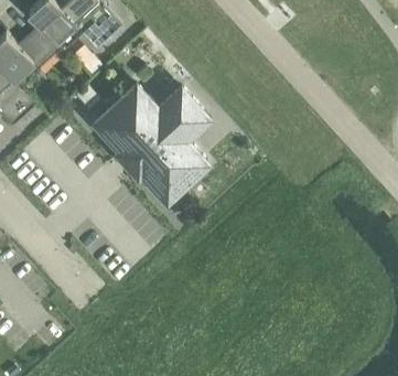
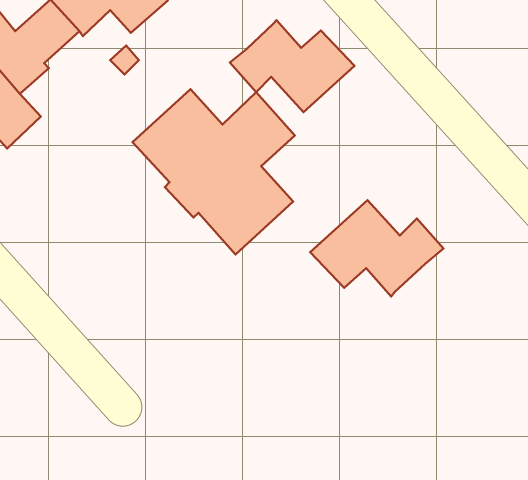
building: none -> [230,20,355,112]
building: none -> [310,200,443,296]

